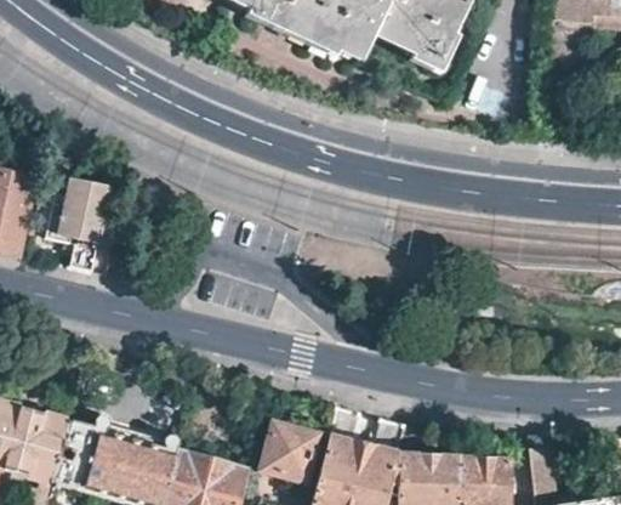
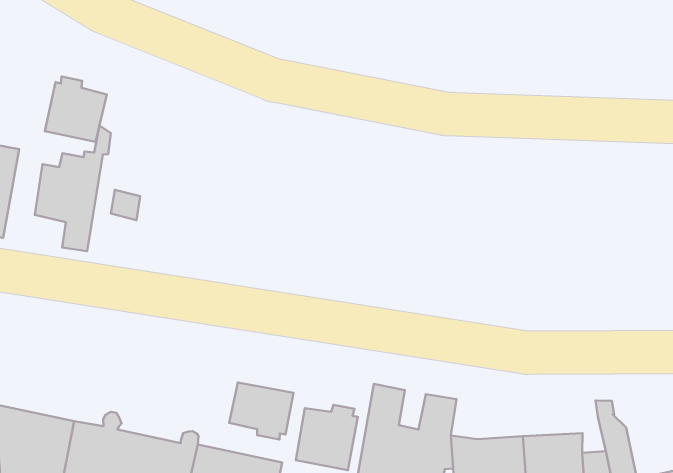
building: none -> [45,77,107,142]
building: none -> [229,382,294,439]

